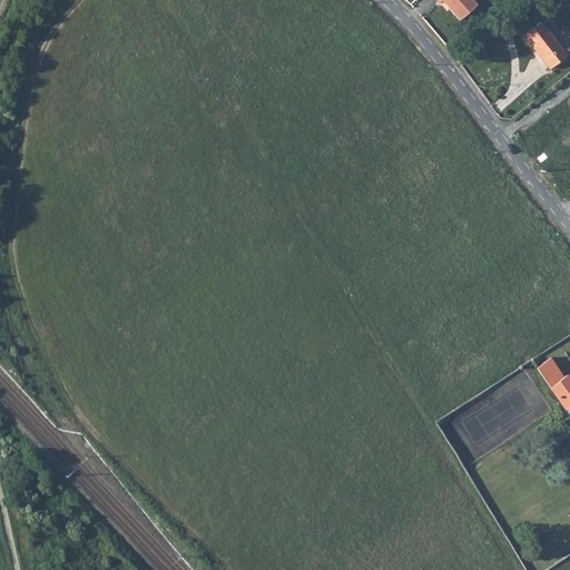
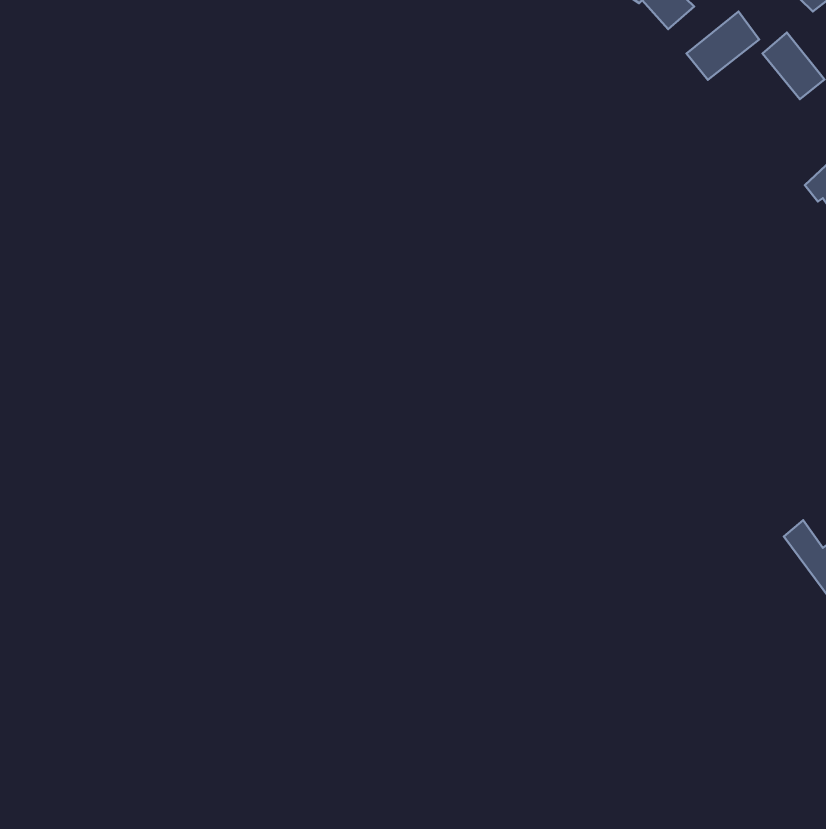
building: none -> [687,11,759,80]

